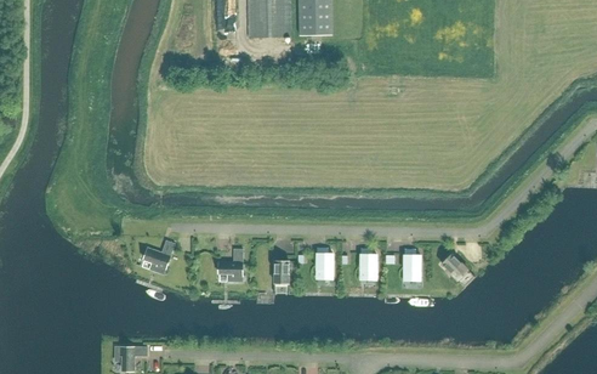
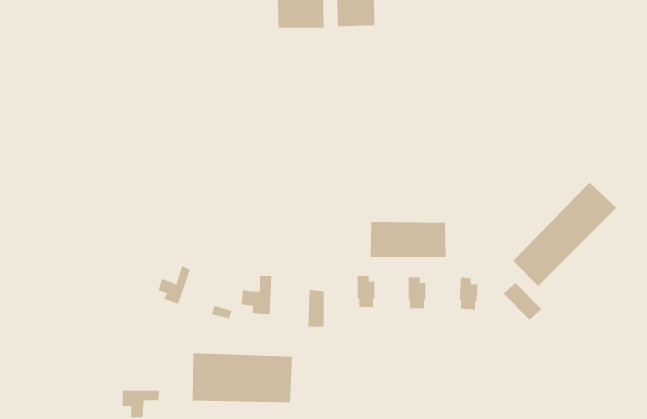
building: none -> [512,182,617,287]
building: none -> [370,221,446,258]
building: none -> [192,353,293,403]

